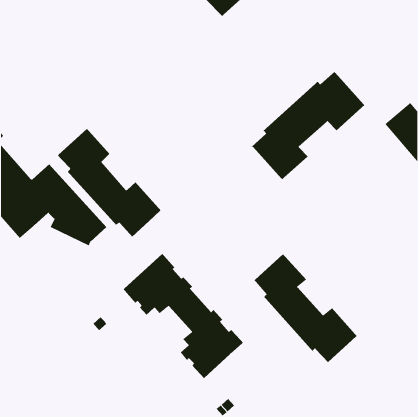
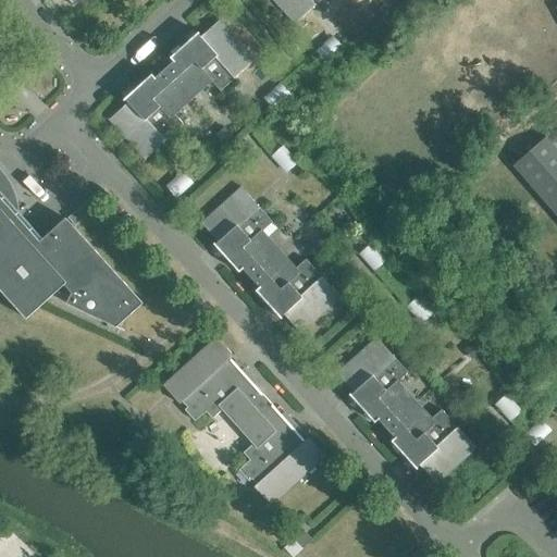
building: none -> [109,18,256,159]
building: [251,71,366,181] -> none
building: [56,128,162,238] -> [200,186,341,333]

